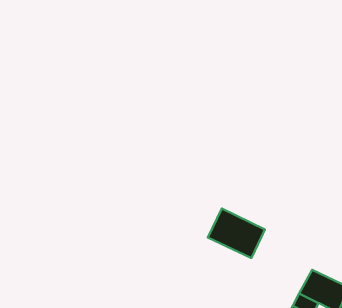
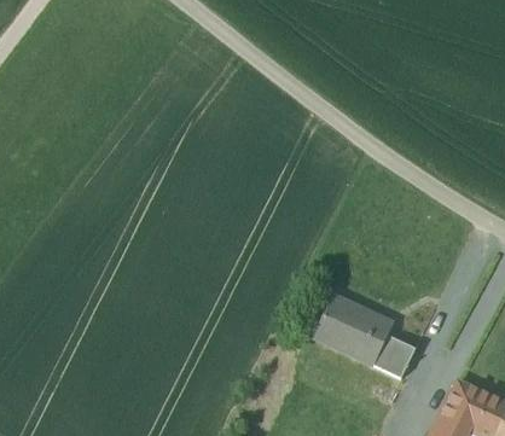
building: none -> [375,336,416,377]

